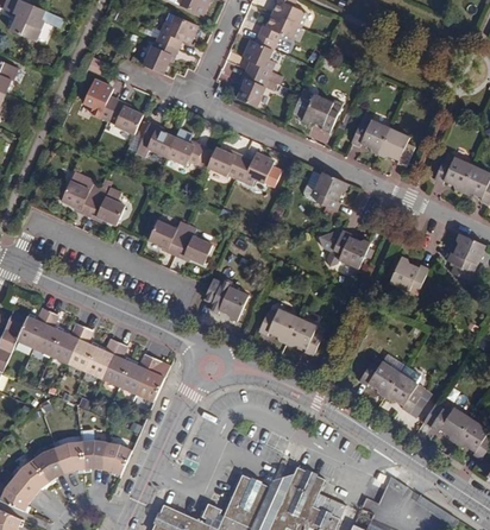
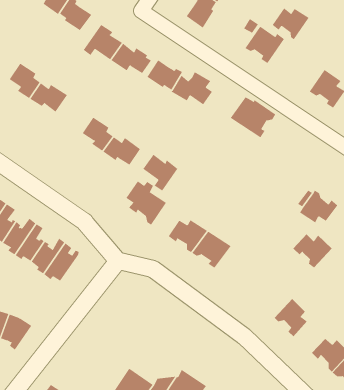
building: [352,121,390,154] -> [272,7,310,40]
building: [332,228,371,266] -> none
building: none -> [143,154,178,191]
building: [357,360,398,396] -> [293,234,333,268]

